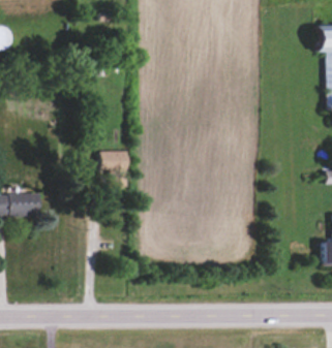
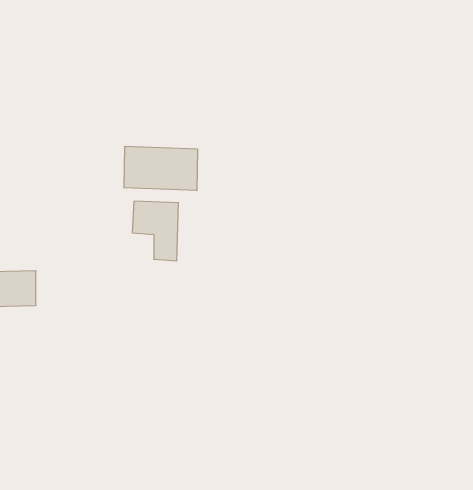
building: none -> [124,146,197,191]

